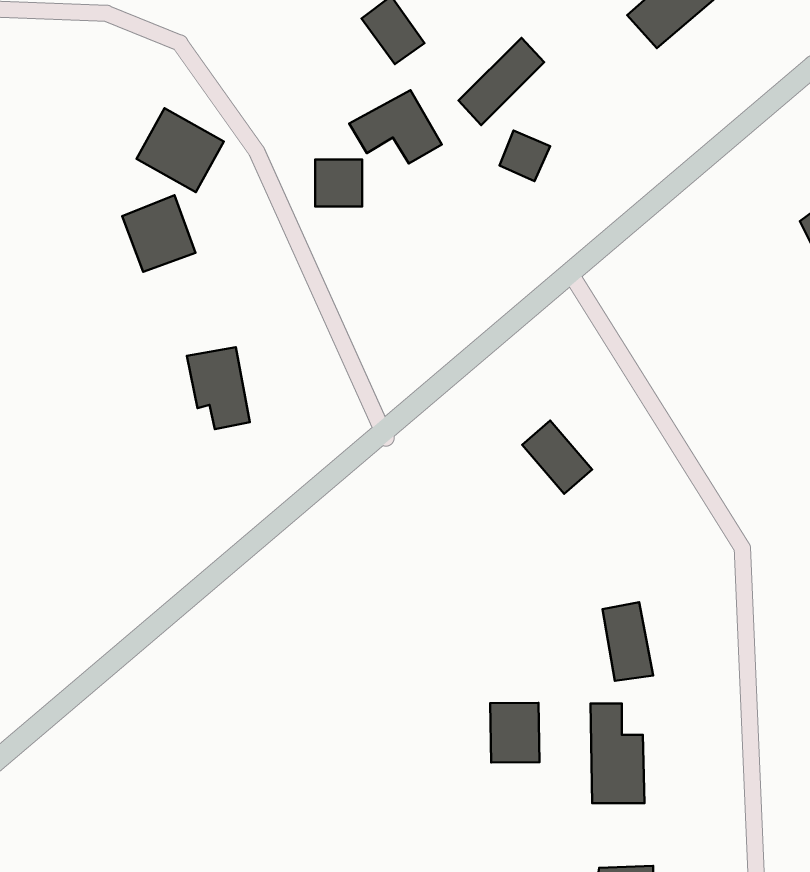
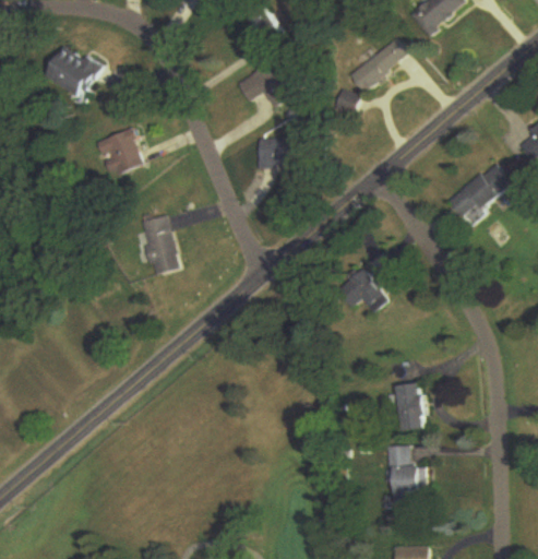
building: [458,38,544,125] -> [352,36,406,91]
building: [136,108,224,192] -> [44,45,98,97]
building: [315,159,362,207] -> [258,138,287,167]
building: none -> [446,163,510,219]
building: [490,703,540,763] -> none

